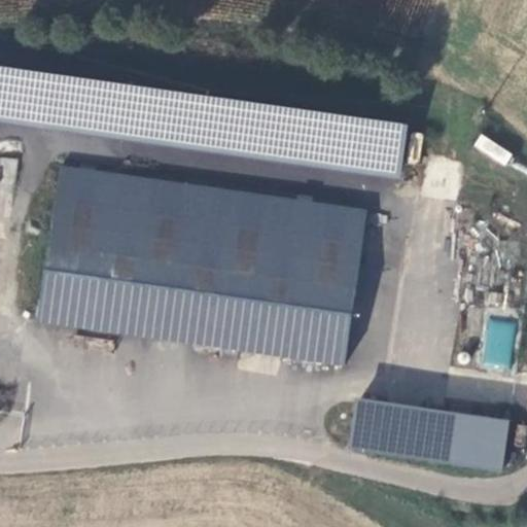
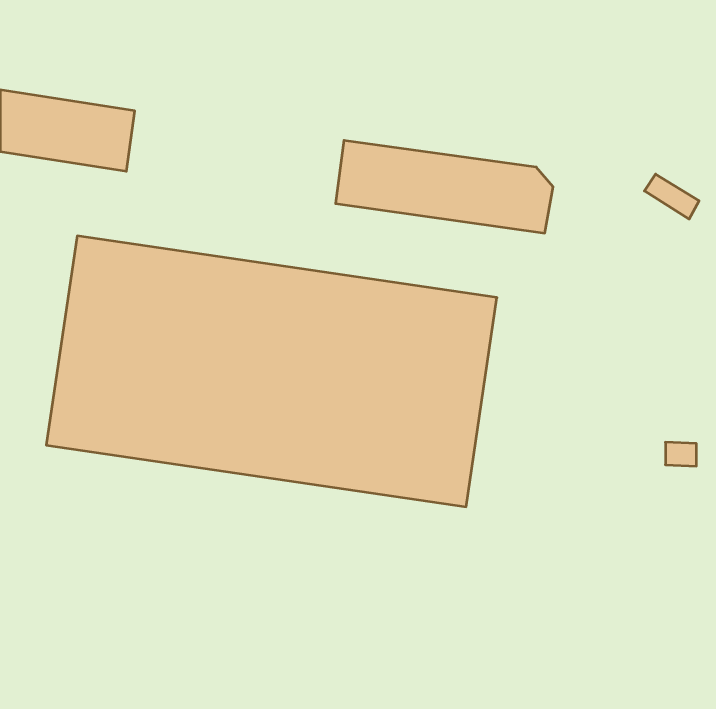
building: [94,81,253,149] -> none
building: [351,392,511,464] -> none

